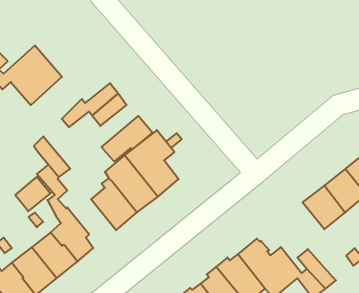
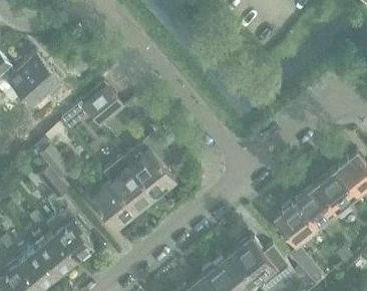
building: [101,116,152,161] -> none
building: [15,177,51,211] -> none
building: none -> [272,203,313,245]

